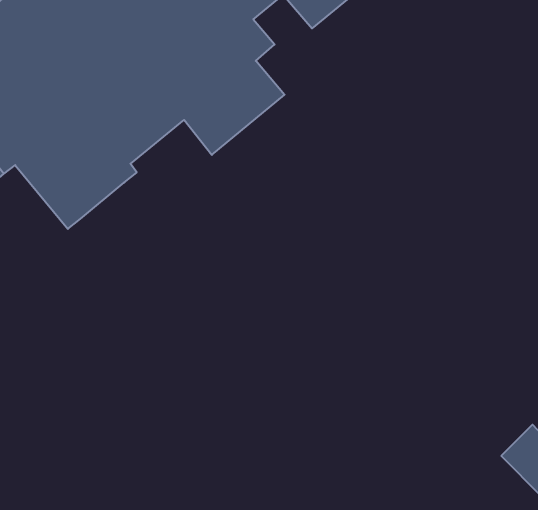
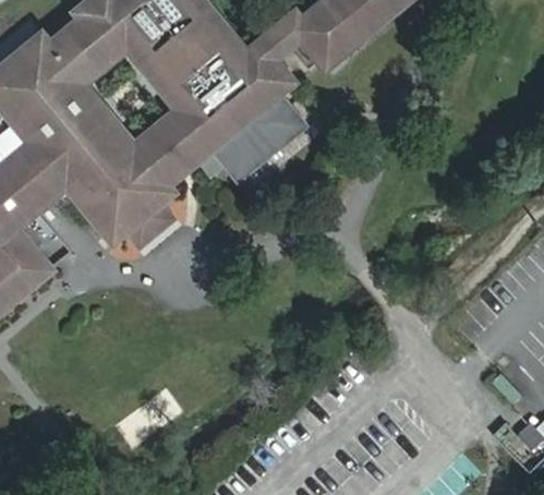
building: none -> [124,201,178,251]

